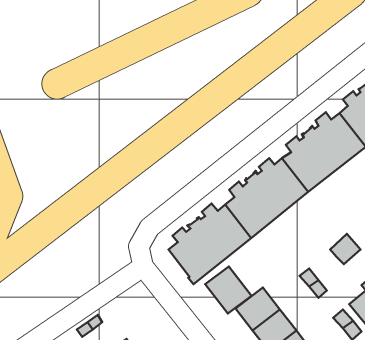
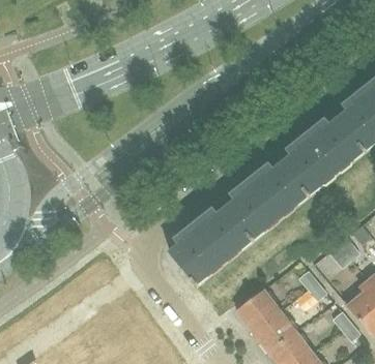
building: [205,267,252,313] -> none

